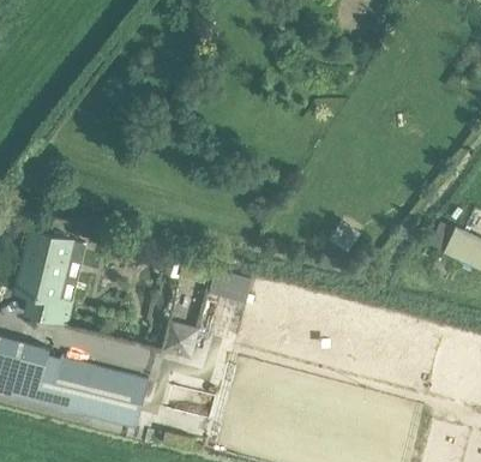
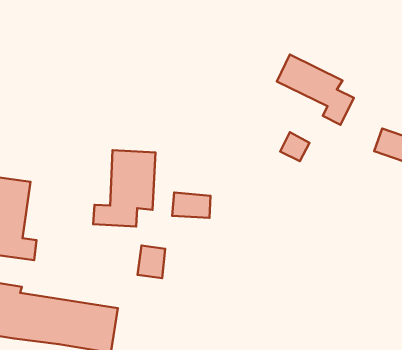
building: none -> [277,55,354,125]
building: none -> [93,150,155,227]

